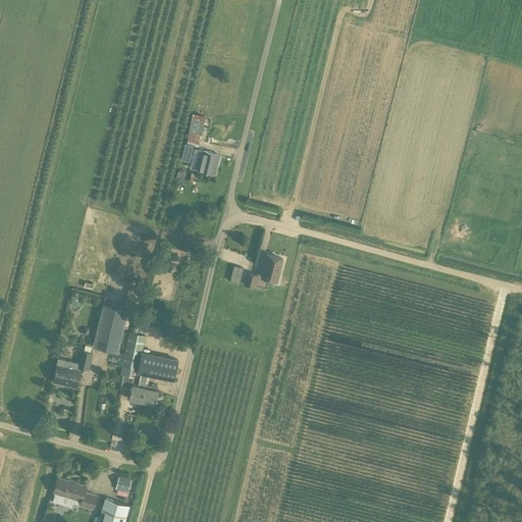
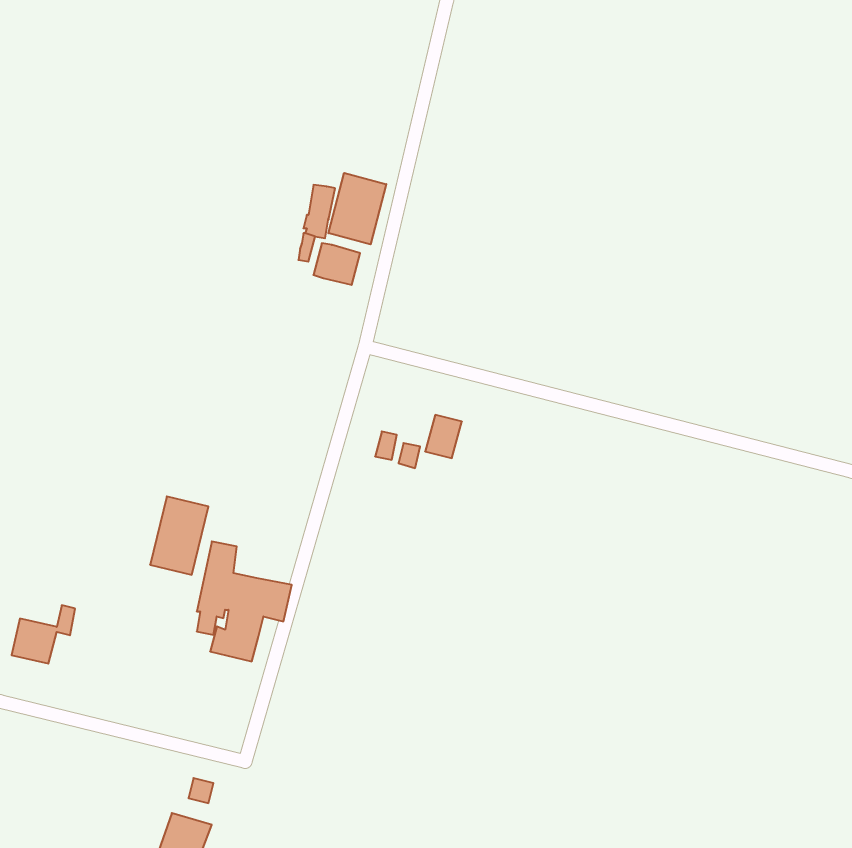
building: none -> [328,173,386,244]
building: [53,353,92,388] -> [12,605,75,664]
building: [53,478,97,510] -> none

